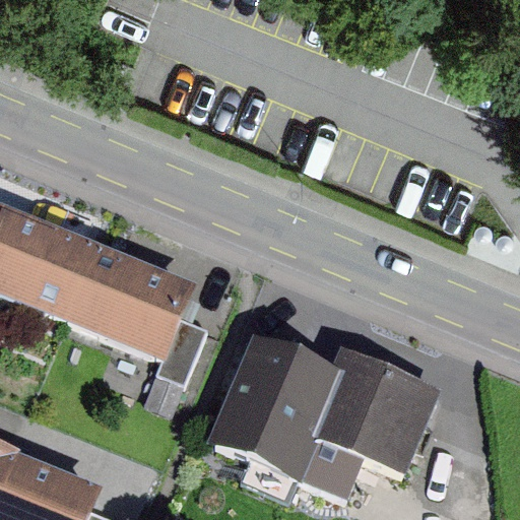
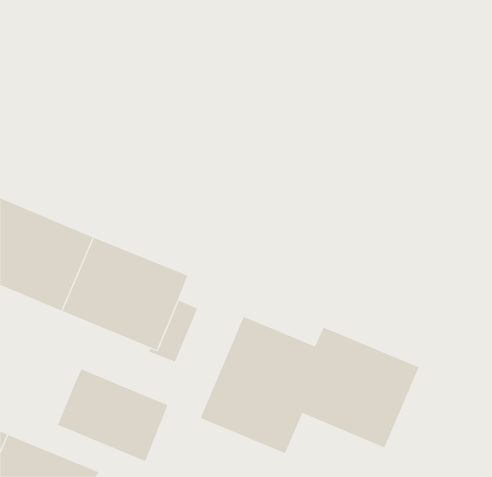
building: none -> [57,368,168,462]

